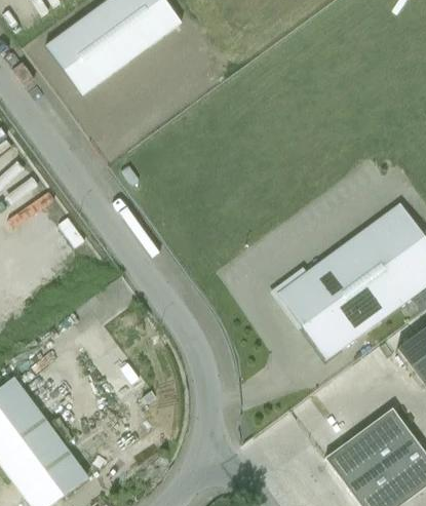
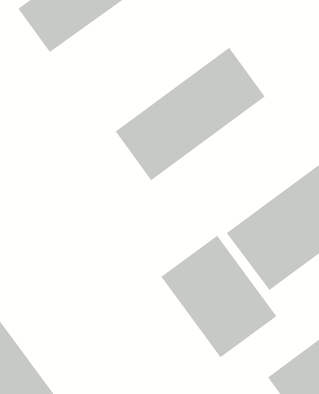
building: none -> [115,47,265,181]
building: none -> [160,235,277,358]

